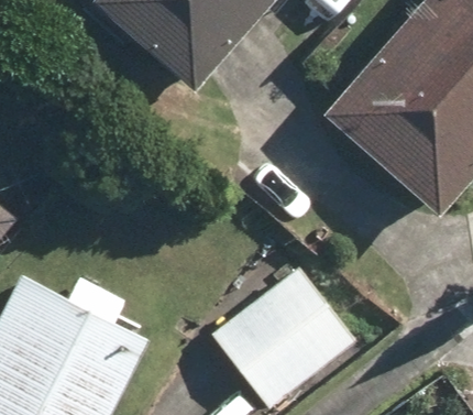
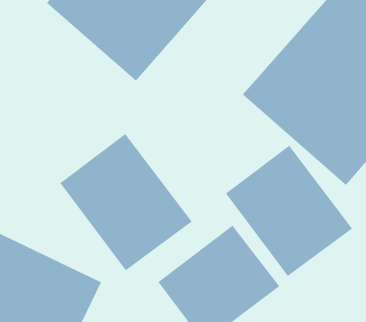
building: none -> [60,133,193,271]
building: none -> [225,145,353,277]

